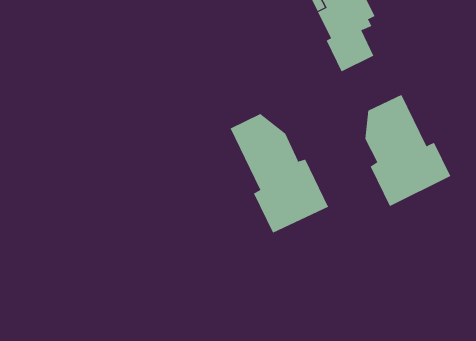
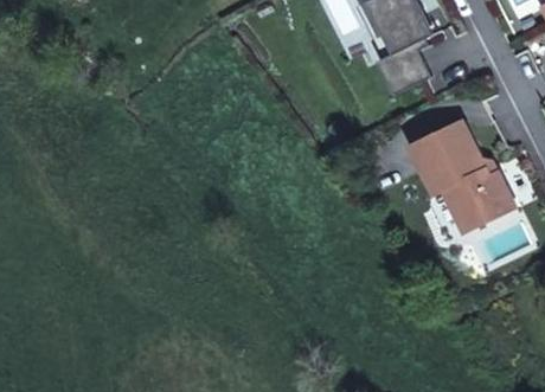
building: [230,113,329,233] -> none

